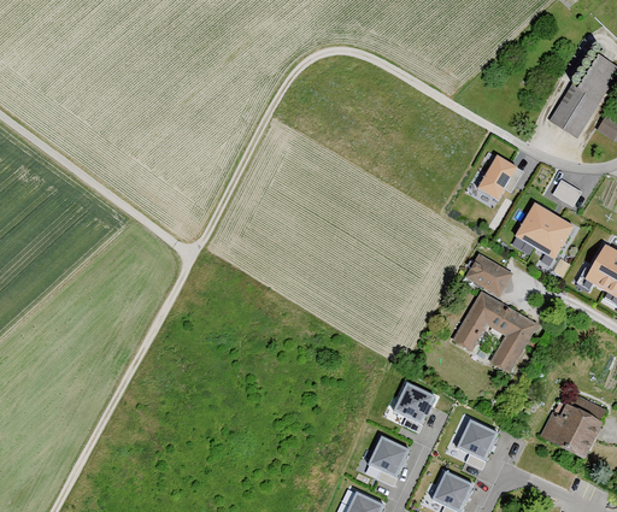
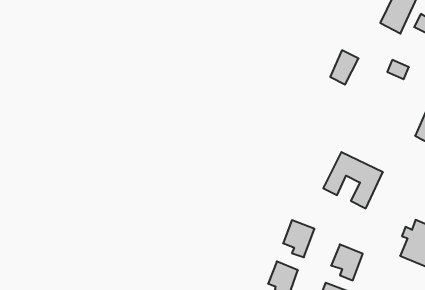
building: [513,202,575,260] -> none
building: [466,257,511,296] -> none

